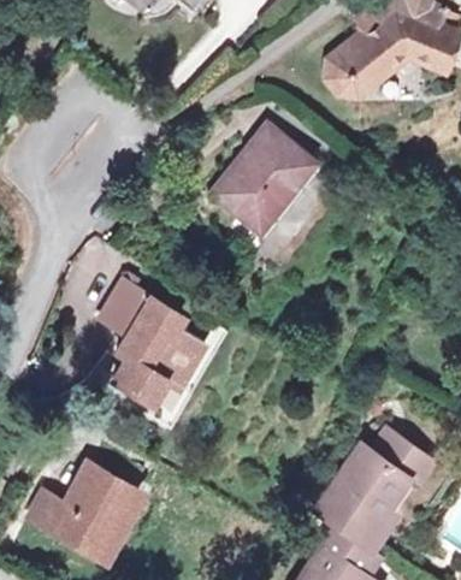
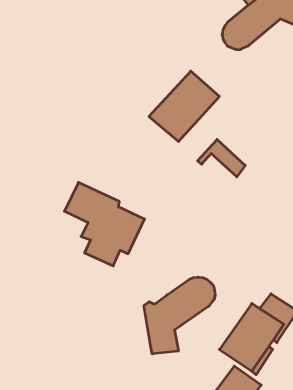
building: none -> [198,139,245,177]
building: none -> [144,277,215,354]
building: [36,468,142,556] -> none

